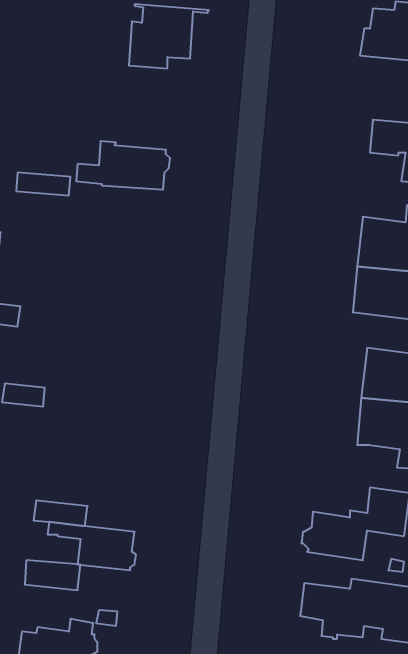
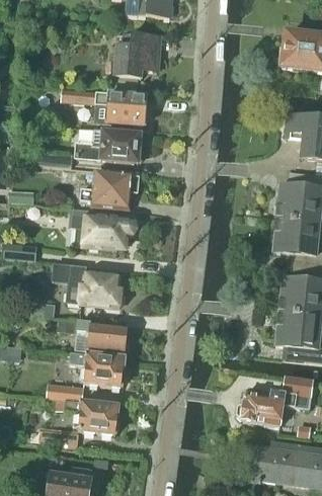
building: none -> [63,87,148,126]
building: none -> [81,171,138,209]
building: none -> [74,217,135,249]
building: none -> [54,263,124,307]
building: none -> [57,319,128,352]
building: none -> [70,352,126,387]

